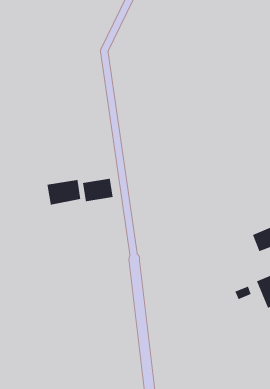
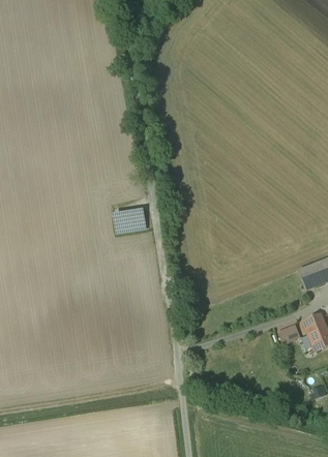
building: [47,179,81,206] -> none

